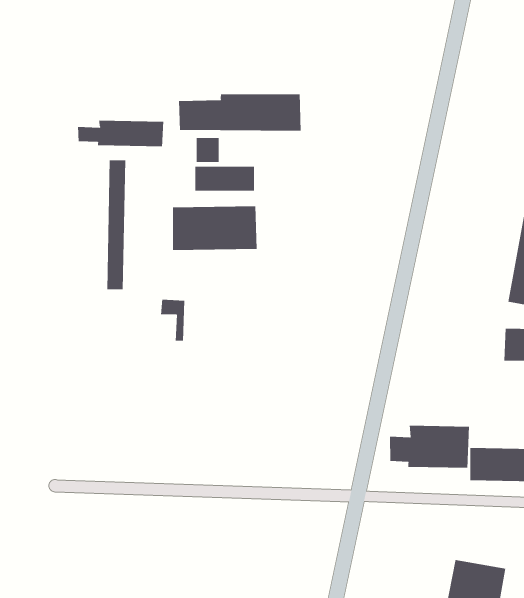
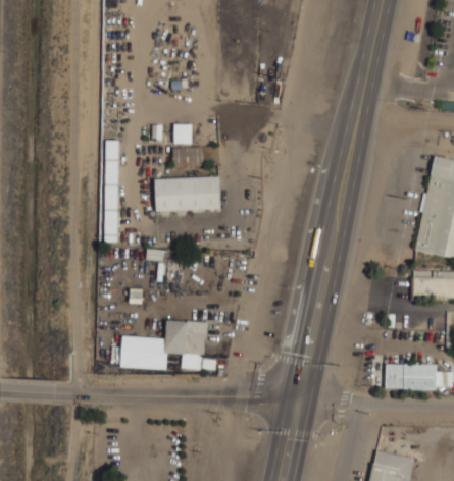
building: [179,94,301,131] -> none
building: [77,120,164,147] -> none
building: none -> [120,319,215,370]
building: [390,425,469,469] -> none

